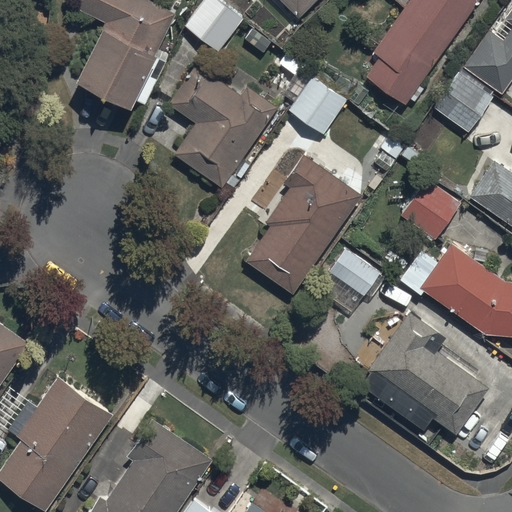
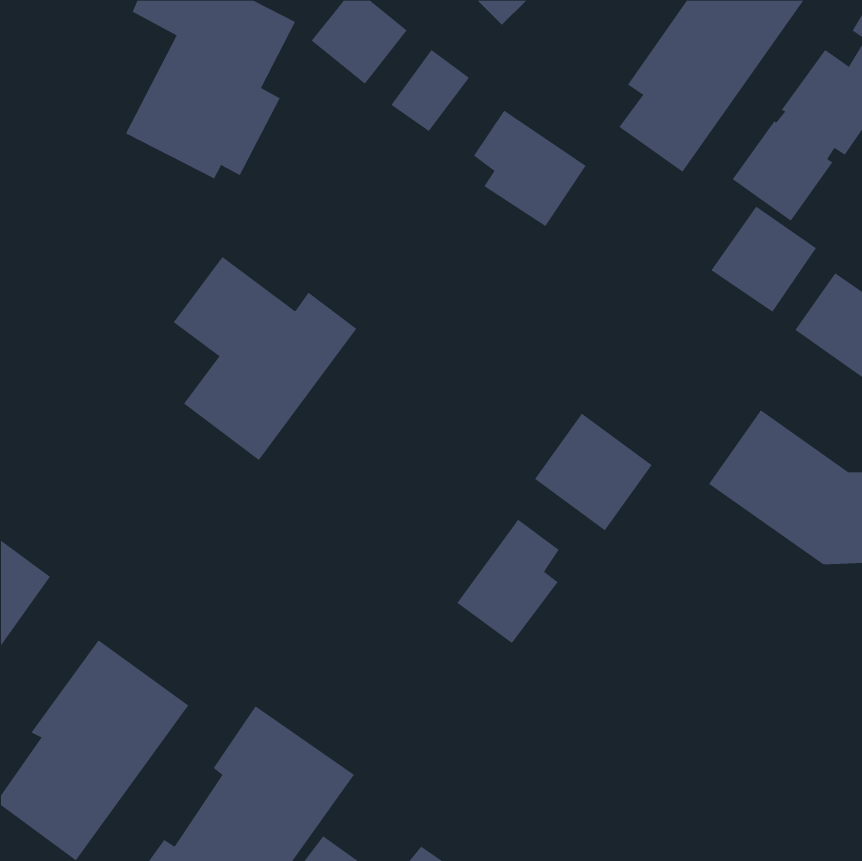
building: [169,65,278,186] -> [173,256,357,461]
building: [245,154,362,293] -> none
building: [399,178,462,241] -> [710,206,817,312]
building: none -> [457,519,560,644]
building: [358,312,489,435] -> none

